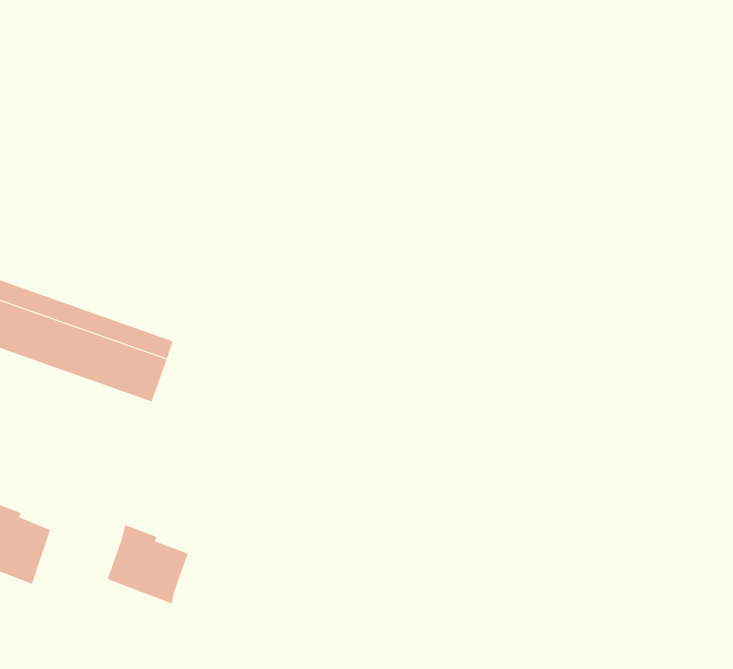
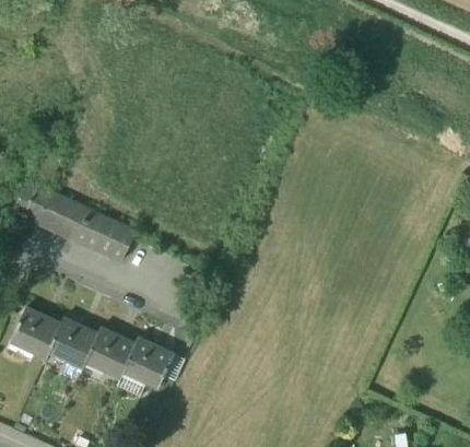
building: none -> [48,319,96,366]
building: none -> [124,338,174,386]

